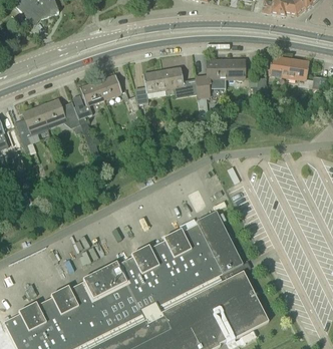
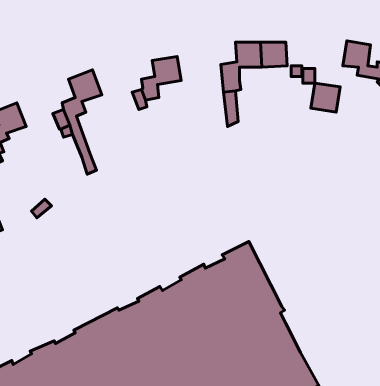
building: [268,55,290,77] -> [311,83,340,112]
building: [161,66,196,94] -> none
building: [97,74,121,99] -> none
building: [40,98,64,123] -> none

